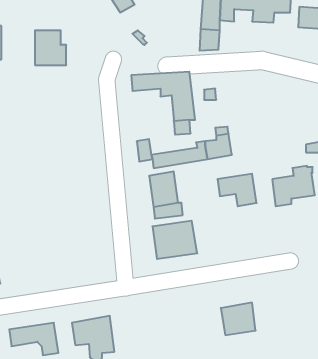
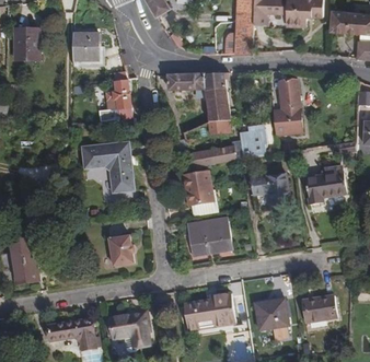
building: none -> [105,72,131,119]
building: none -> [271,79,301,136]
building: none -> [82,142,132,192]
building: none -> [106,235,131,265]
building: none -> [183,293,234,330]
building: none -> [301,295,336,323]

